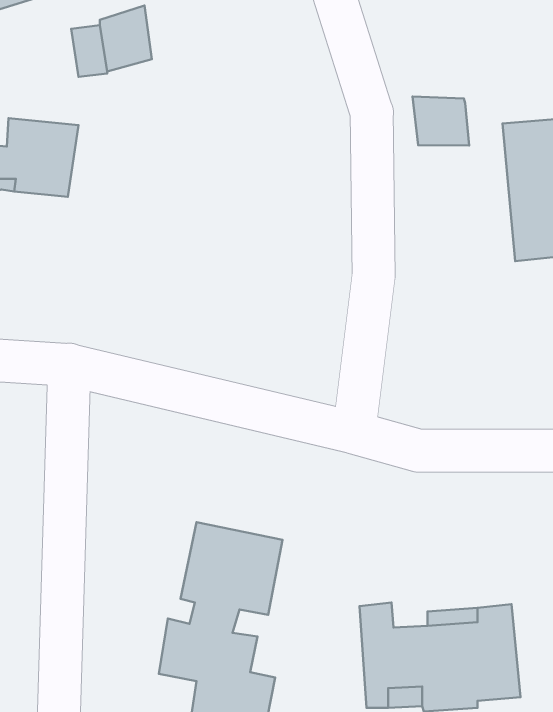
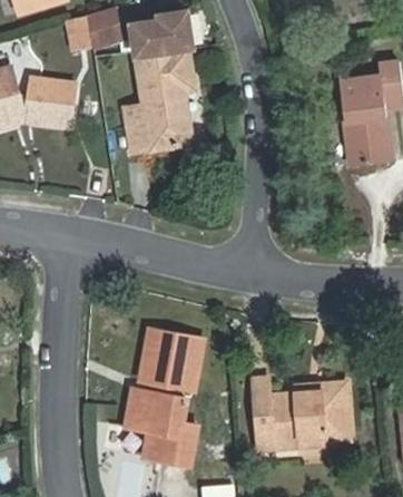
building: none -> [126,11,194,150]
building: [413,96,469,145] -> none

